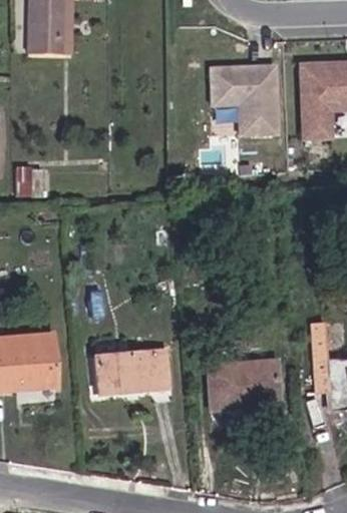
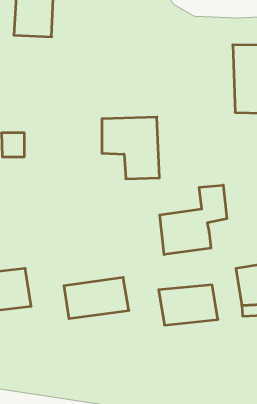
building: [210,66,280,141] -> [102,117,159,179]
building: none -> [160,185,227,255]

